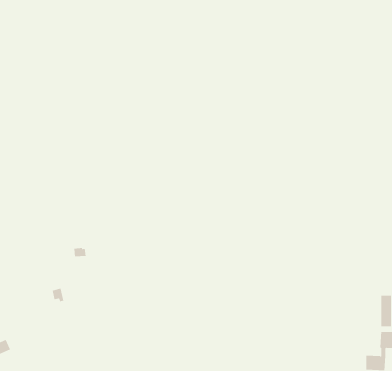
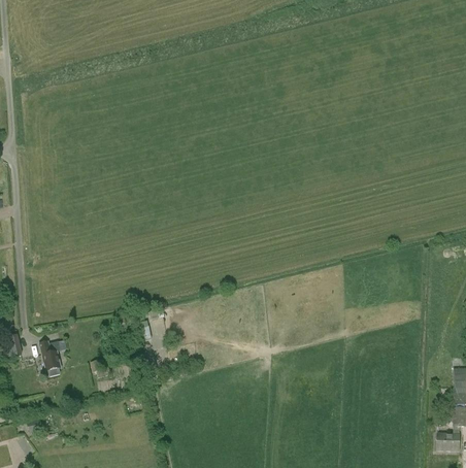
building: none -> [38,341,61,372]

